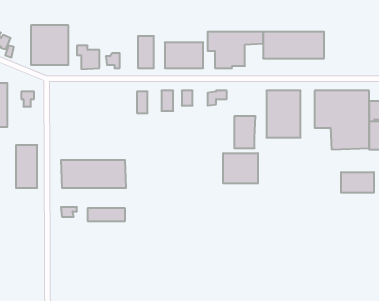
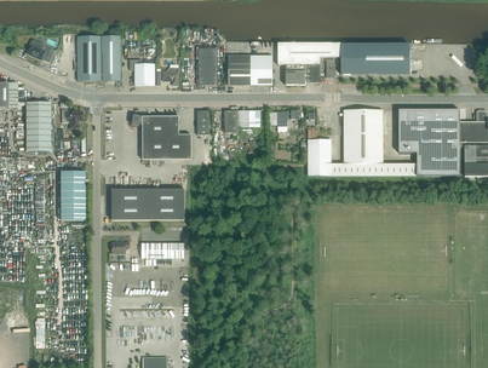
building: none -> [131,114,190,159]
building: [223,153,258,183] -> none
building: [341,172,374,193] -> none

